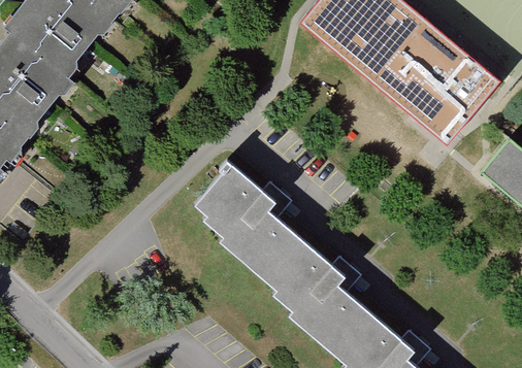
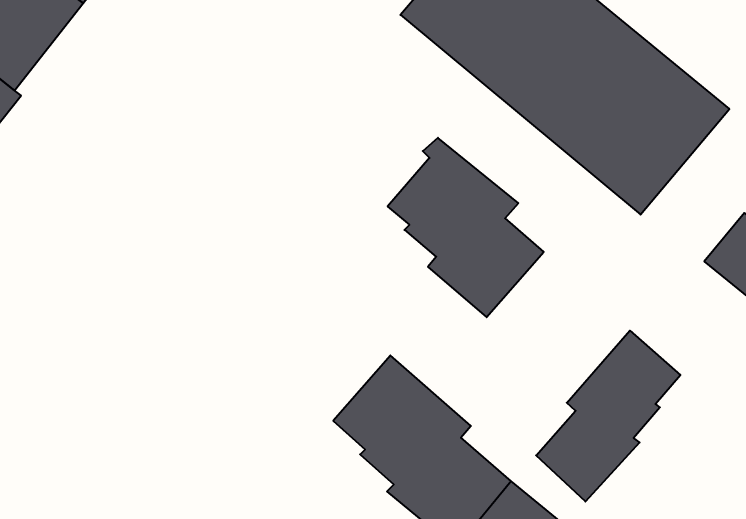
building: [197,163,293,273] -> [388,138,544,317]
building: none -> [536,331,680,502]

